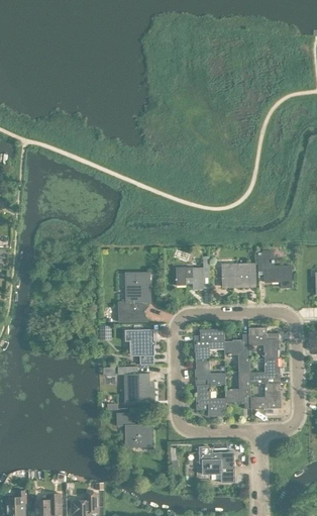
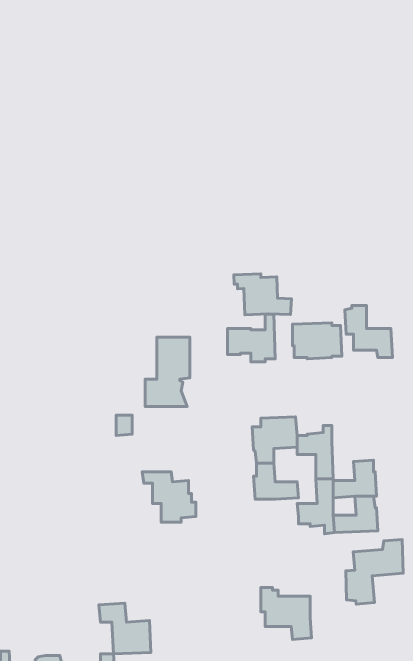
building: none -> [234,274,292,315]
building: [248,327,279,359] -> none
building: [123,330,153,365] -> none
building: [195,386,225,416] -> none
building: [115,412,151,447] -> [99,603,151,654]
building: none -> [346,539,403,604]

